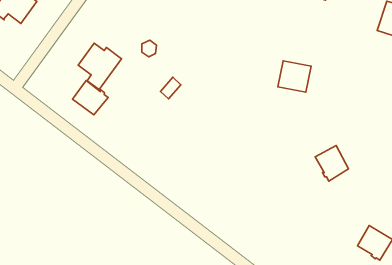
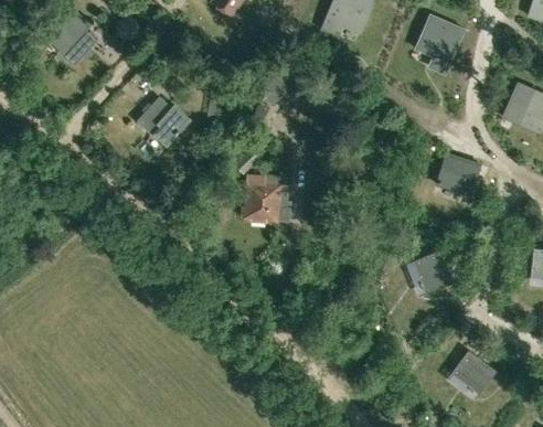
building: [278,61,311,92] -> [436,153,479,194]
building: [72,81,108,115] -> none
building: none -> [244,175,290,222]

